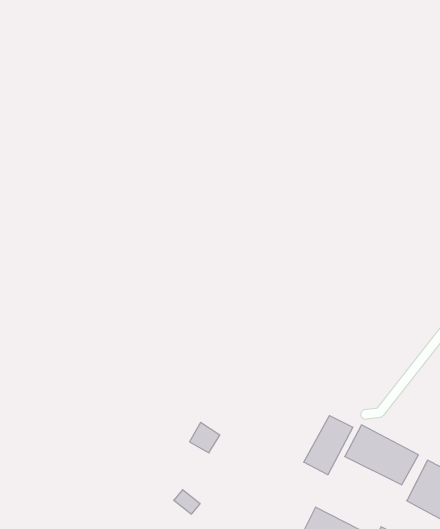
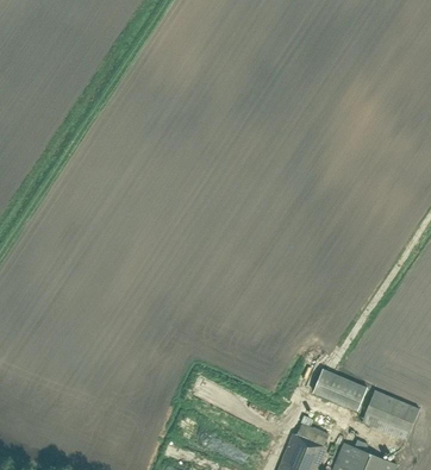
building: [304,416,353,475] -> none

